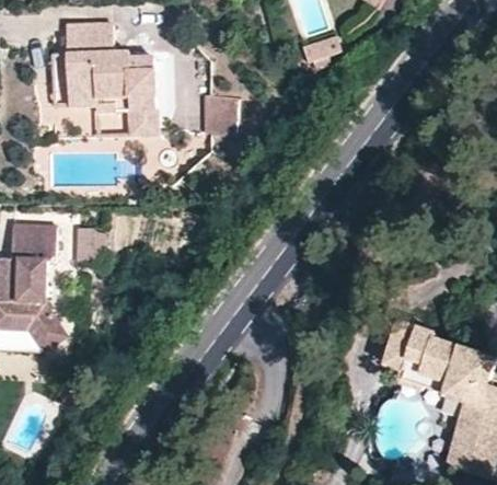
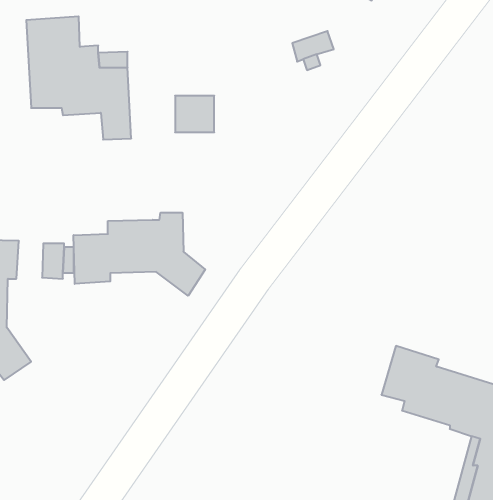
building: none -> [74,213,205,296]

